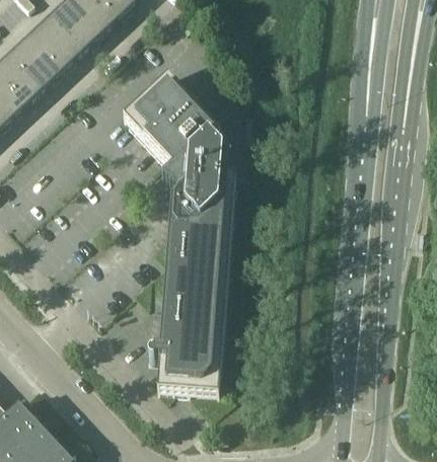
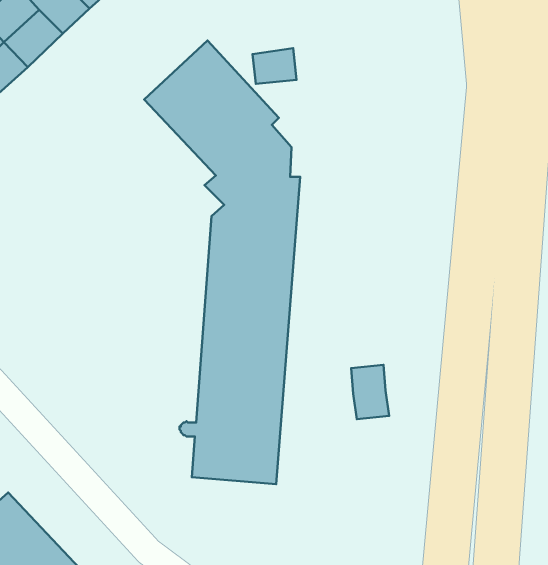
building: none -> [252,48,297,84]
building: none -> [351,365,389,419]

